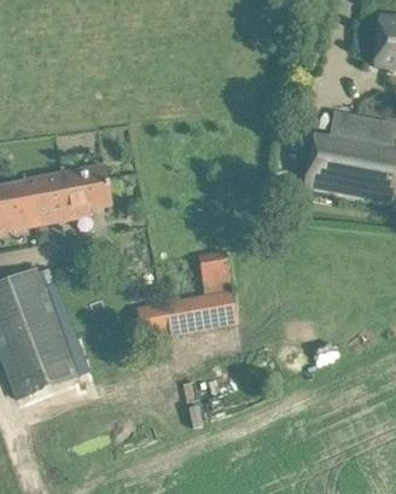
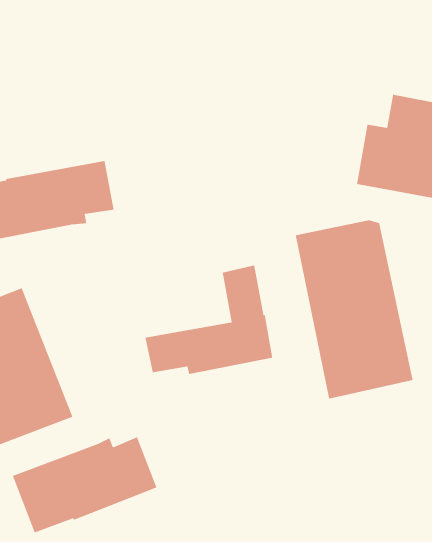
building: none -> [295,219,413,399]
building: none -> [12,436,158,533]

